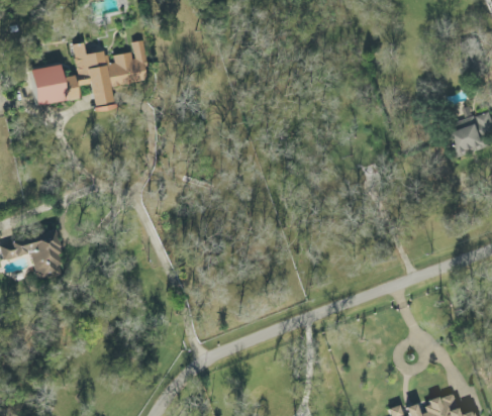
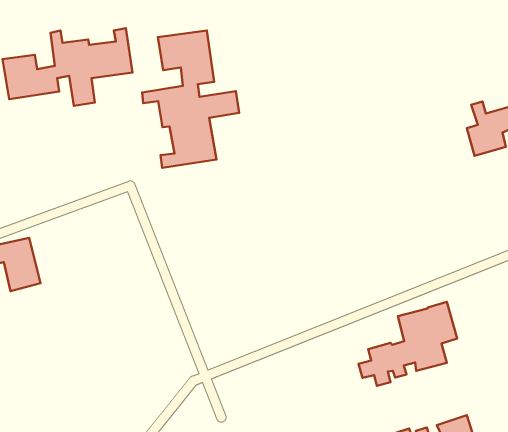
building: none -> [142,30,239,168]
building: none -> [359,302,457,386]

